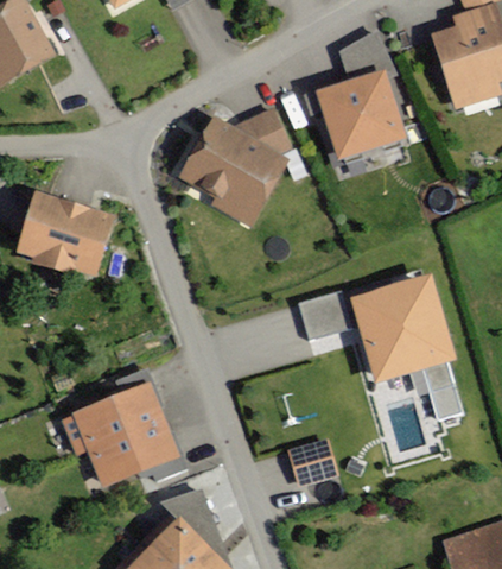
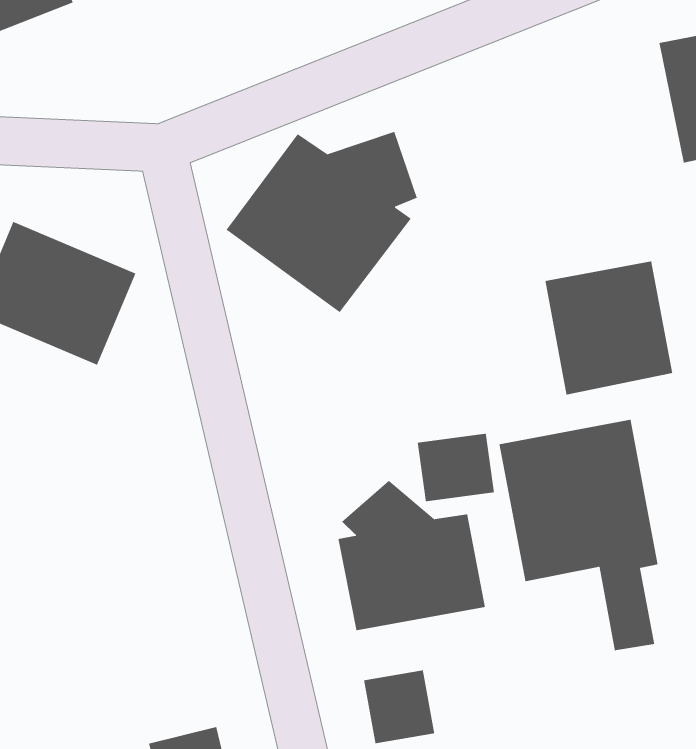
building: [309,71,395,162] -> [545,260,673,396]
building: none -> [337,480,486,631]
building: [68,372,190,492] -> none

